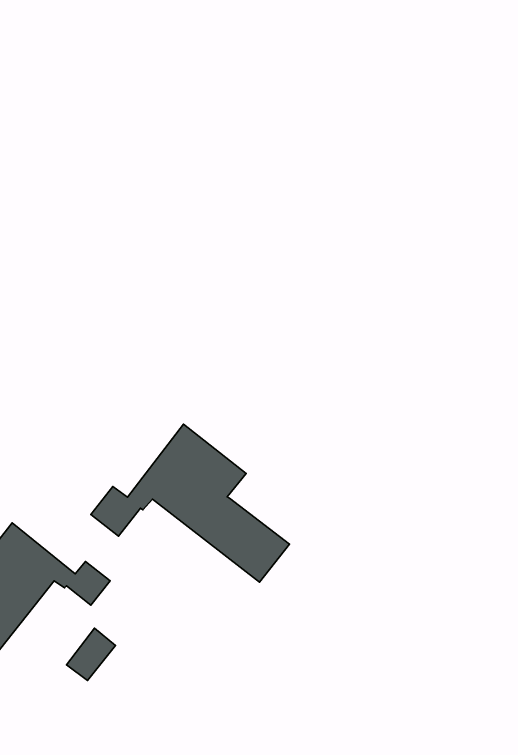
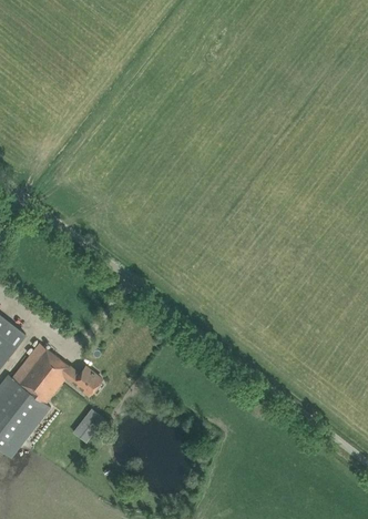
building: [91,424,289,582] -> none

